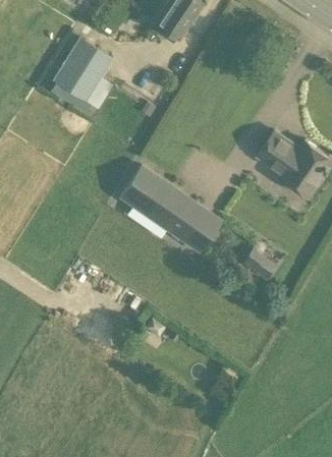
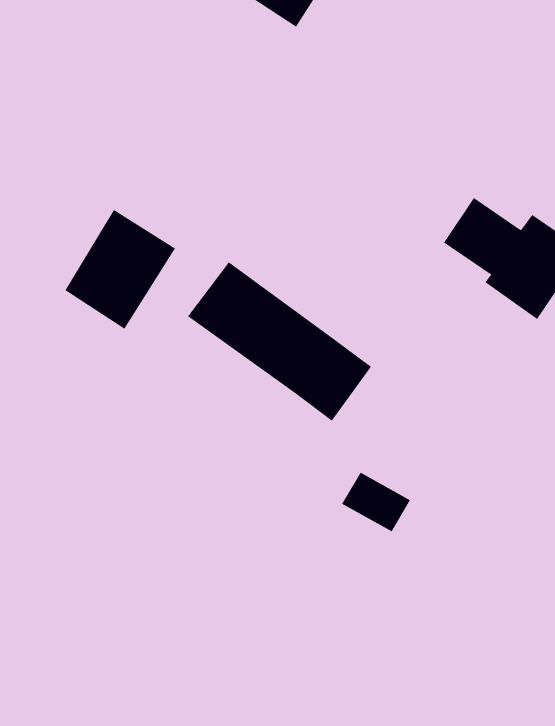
building: [53,38,113,103] -> [65,209,176,330]
building: [239,245,277,278] -> [341,472,411,532]

